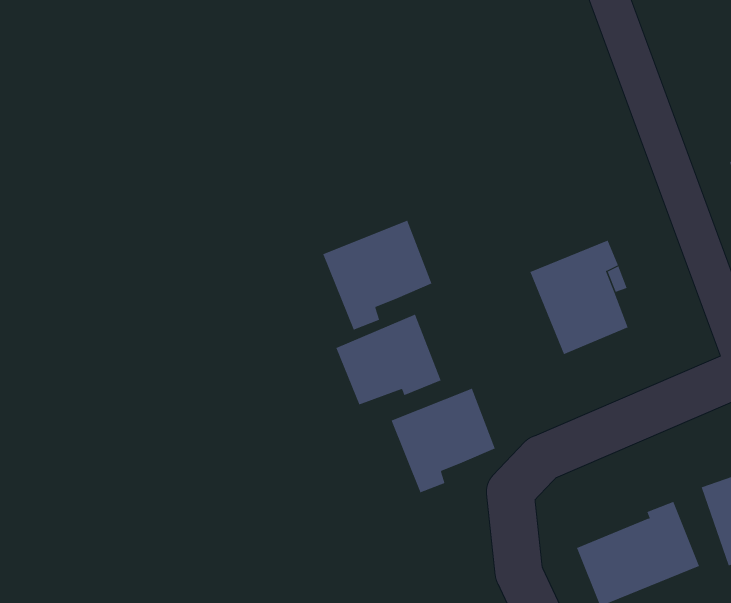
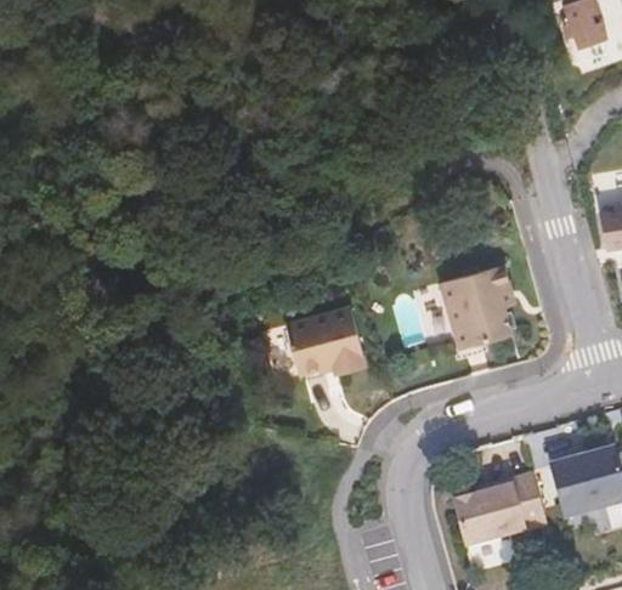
building: [323,220,432,330] -> none
building: [391,388,496,493] -> none

